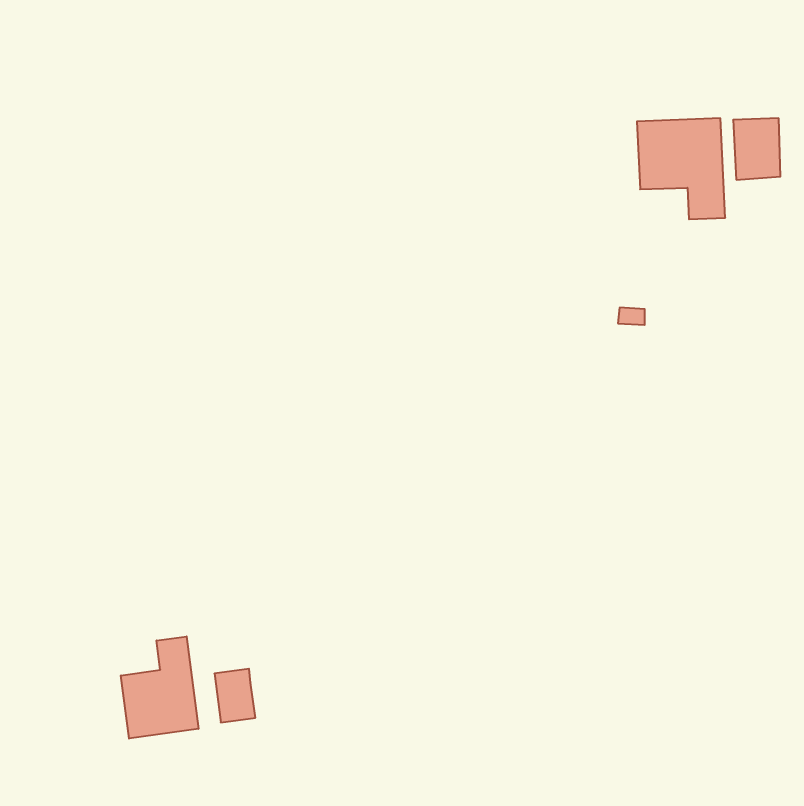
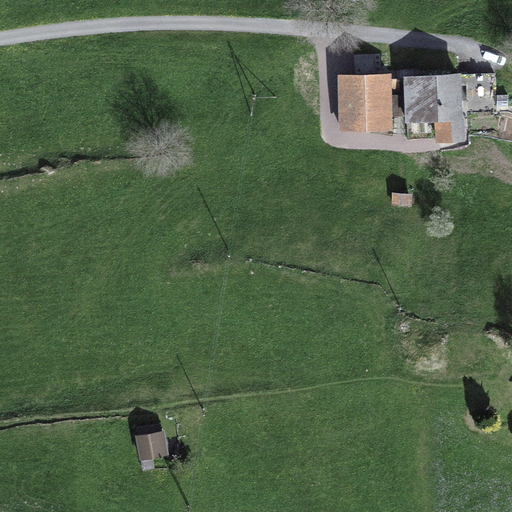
building: none -> [341,74,388,130]
building: [121,636,198,739] -> none

